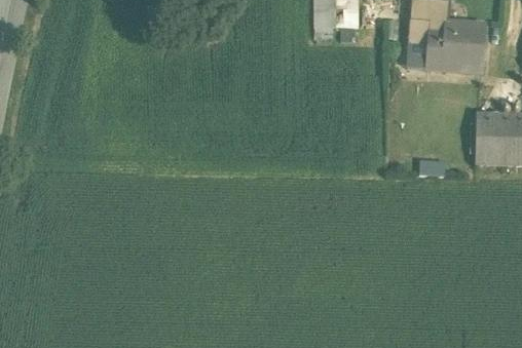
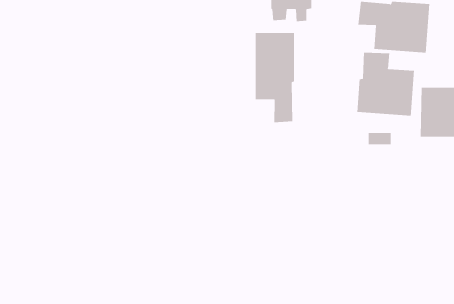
building: none -> [255,32,295,123]
building: none -> [357,52,415,116]

